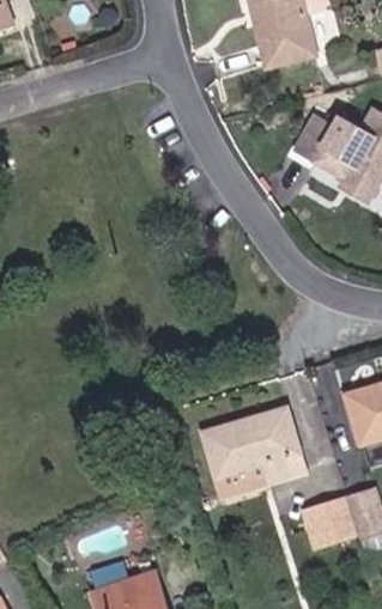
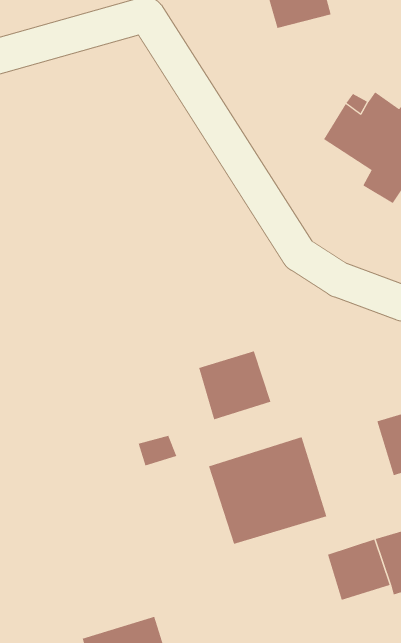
building: none -> [199,351,271,420]

